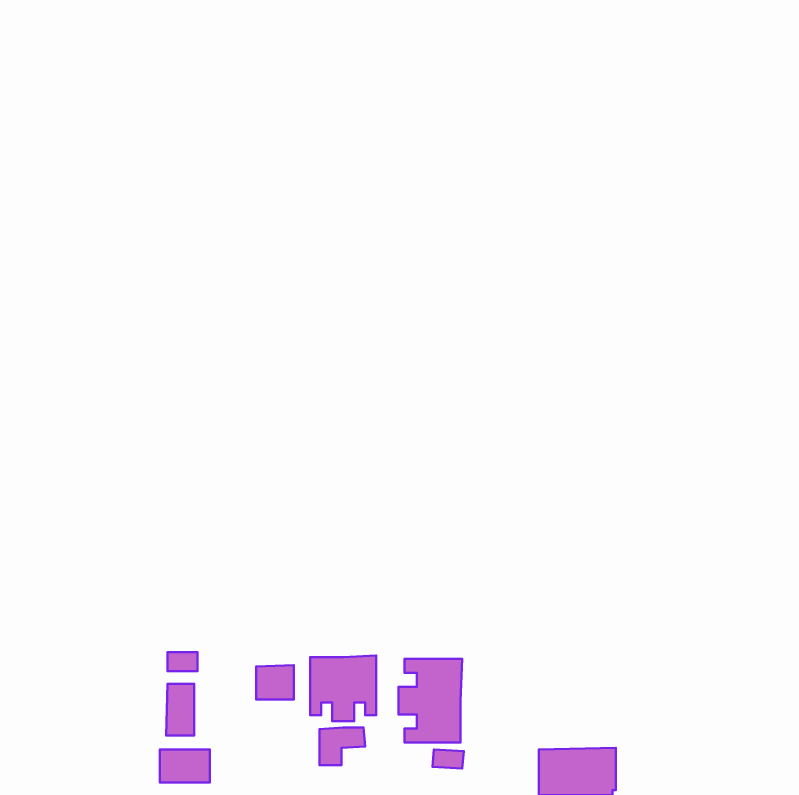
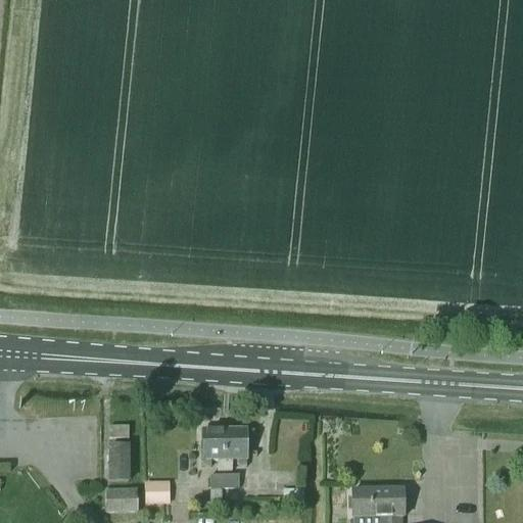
building: [398,659,462,742] -> none
building: [256,665,294,700] -> [145,480,170,503]

